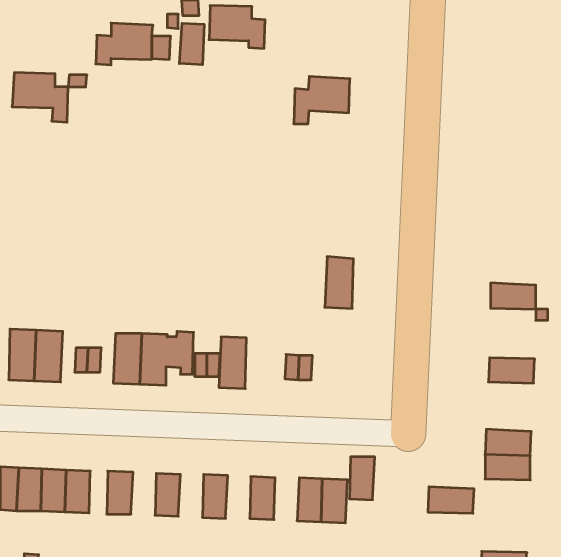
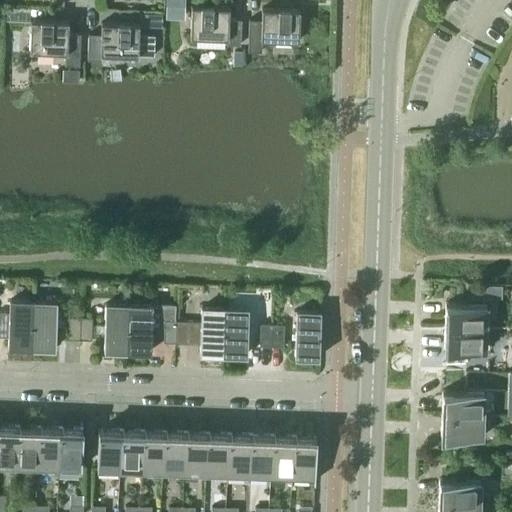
building: [179,23,204,65] -> none
building: [12,73,68,122] -> [30,24,81,69]
building: [294,76,350,124] -> [249,12,300,55]
building: [325,257,353,308] -> [295,314,321,361]
building: [491,283,536,309] -> [446,307,487,331]
building: none -> [224,312,249,359]
building: [349,457,375,500] -> [250,439,273,478]
building: none -> [120,434,143,473]
building: none -> [163,436,186,475]
building: none -> [206,437,229,476]
building: [428,487,474,513] -> [439,483,481,507]

